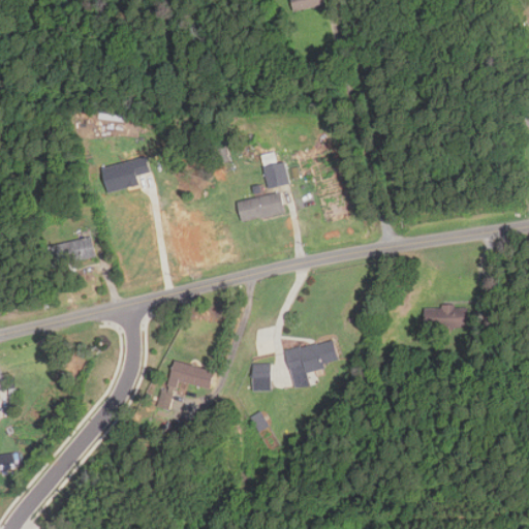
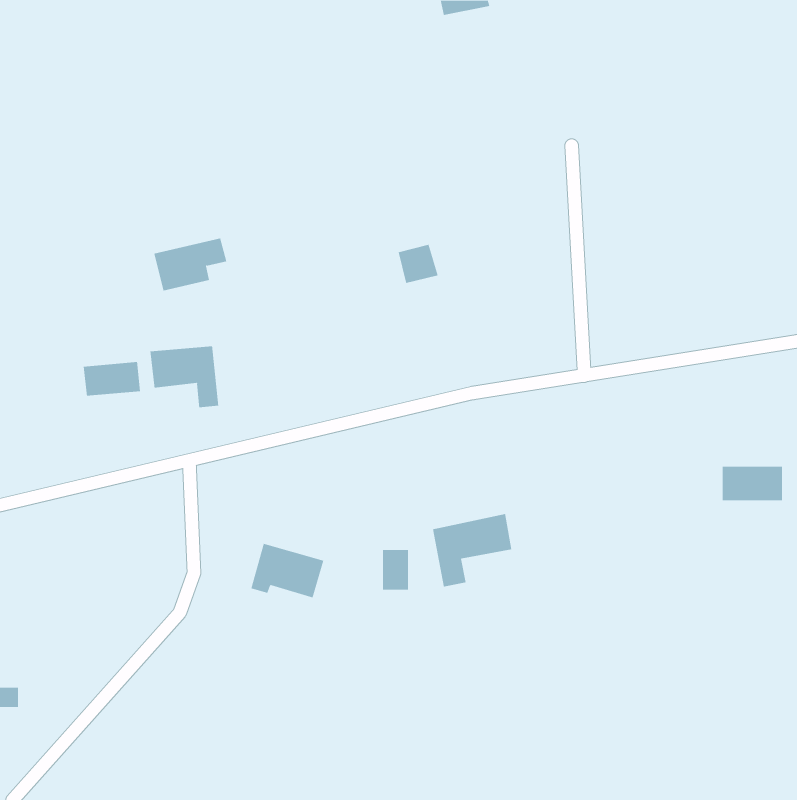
building: [236,191,283,222] -> none
building: none -> [150,345,219,408]
building: [423,305,463,328] -> [722,466,783,501]

